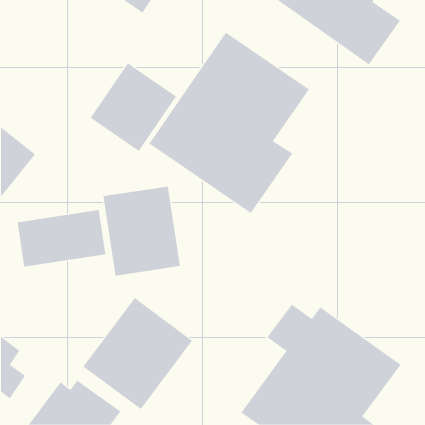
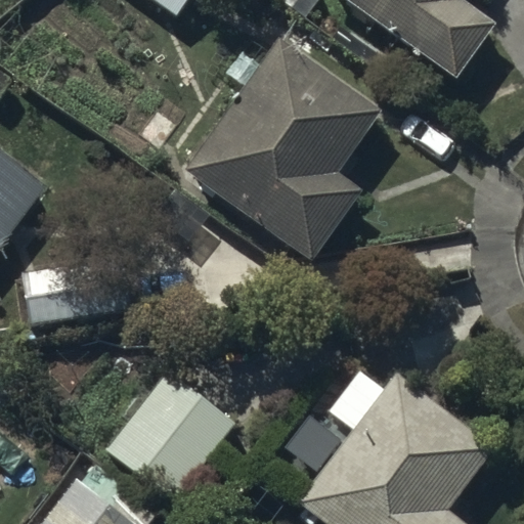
building: [90,63,177,152] -> none
building: [103,186,180,276] -> none

